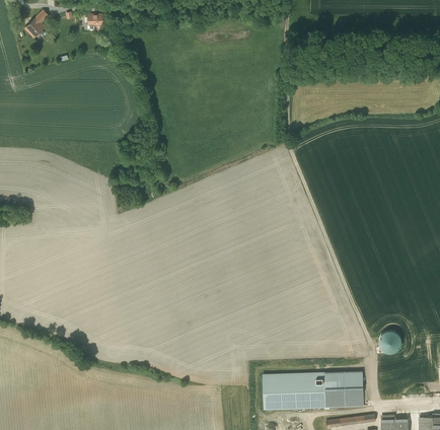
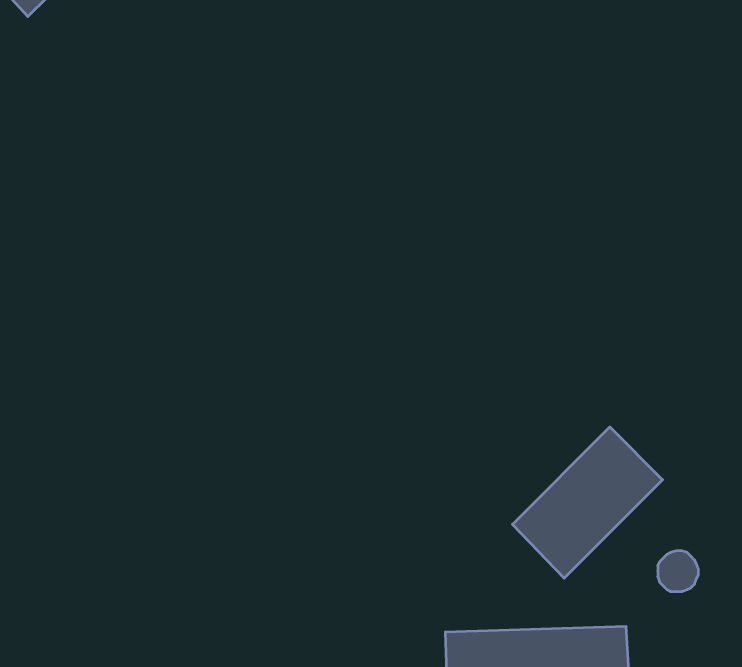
building: none -> [512,427,663,578]

